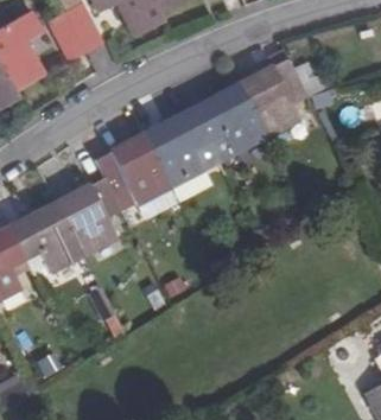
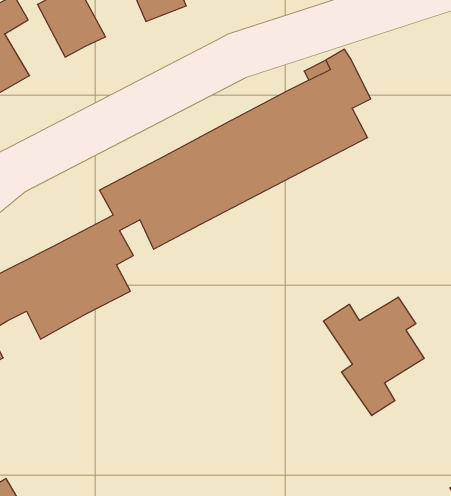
building: none -> [323,297,424,416]

